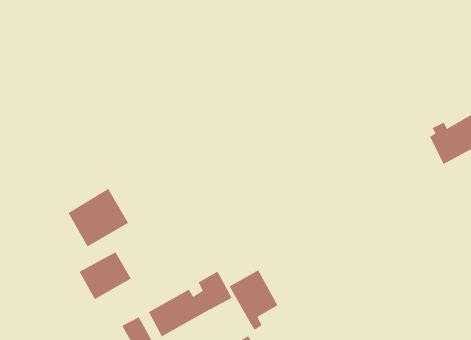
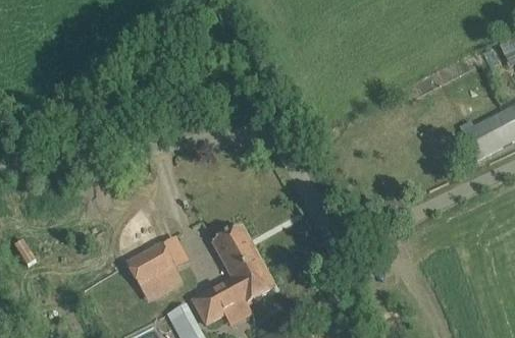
building: [68,188,129,247] -> none
building: [229,269,279,331] -> [212,226,260,285]

